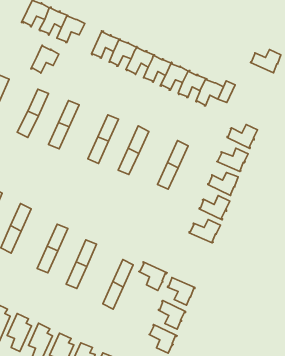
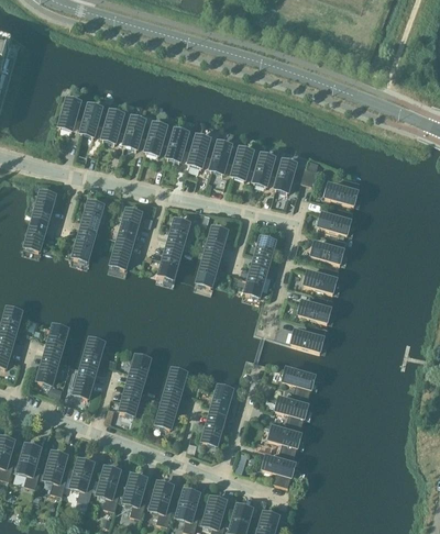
building: [31,45,59,73] -> [122,115,152,148]
building: [251,49,281,73] -> [323,177,358,203]
building: [139,262,167,290] -> [281,367,314,398]

